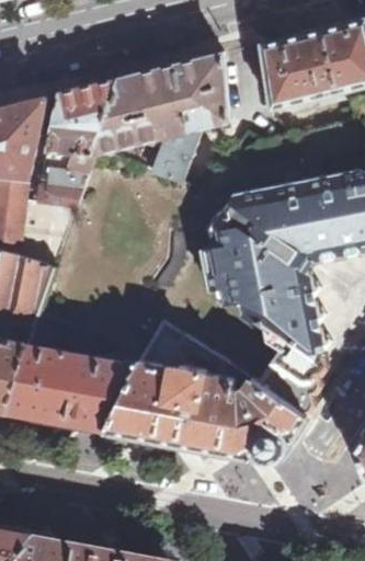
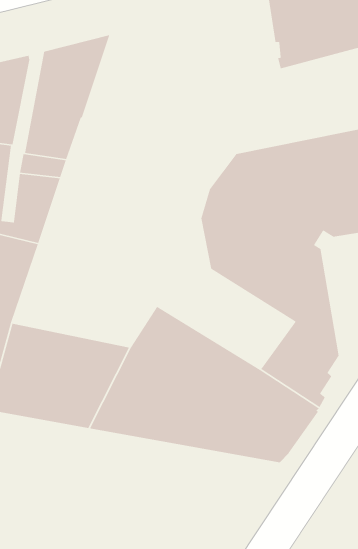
building: [94,50,229,181] -> none

